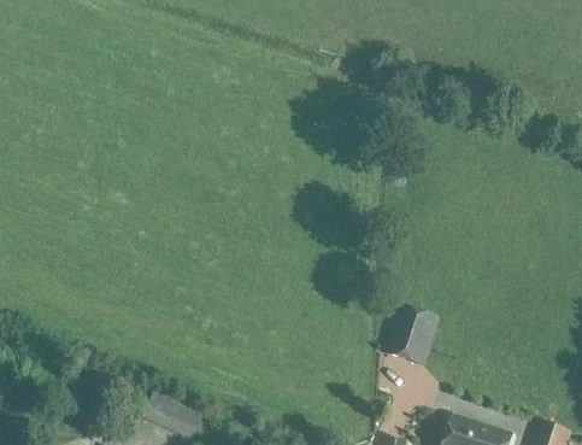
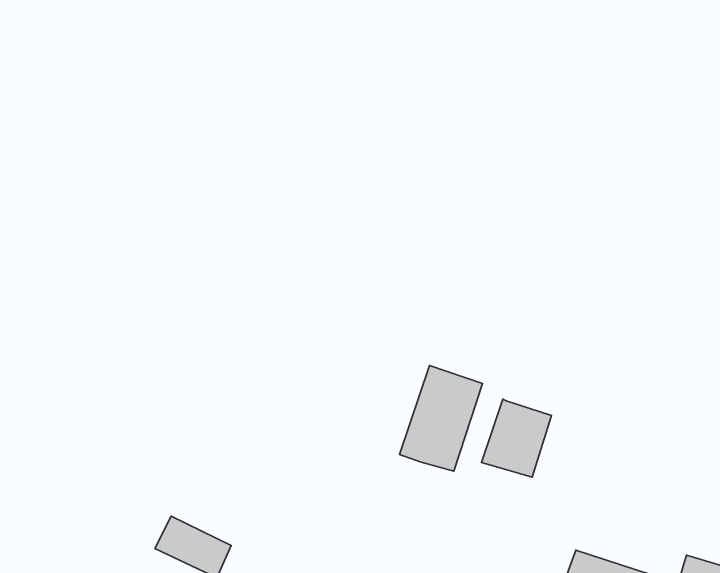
building: none -> [400,366,482,471]

